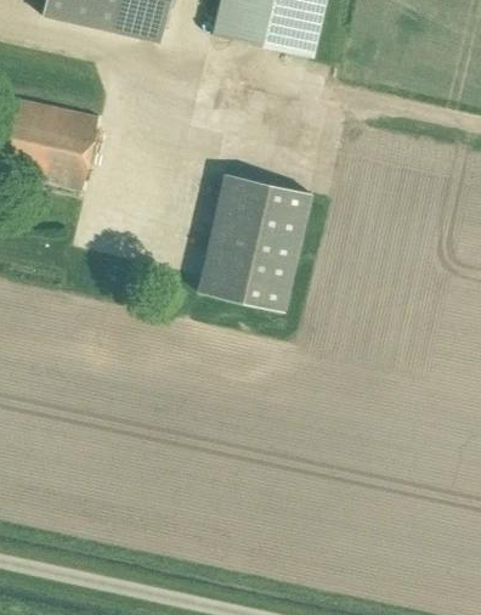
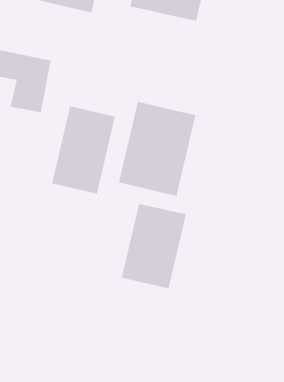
building: none -> [51,106,116,194]
building: none -> [121,203,186,289]

